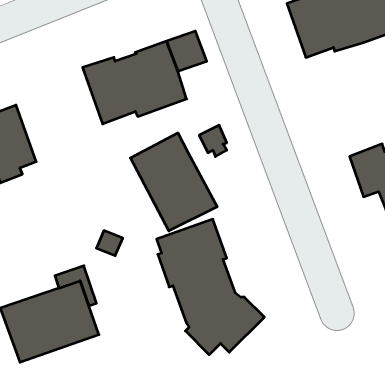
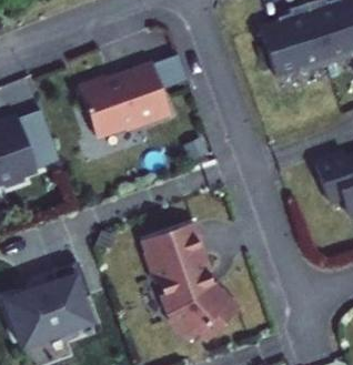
building: none -> [19,111,61,171]
building: [130,133,217,231] -> none

